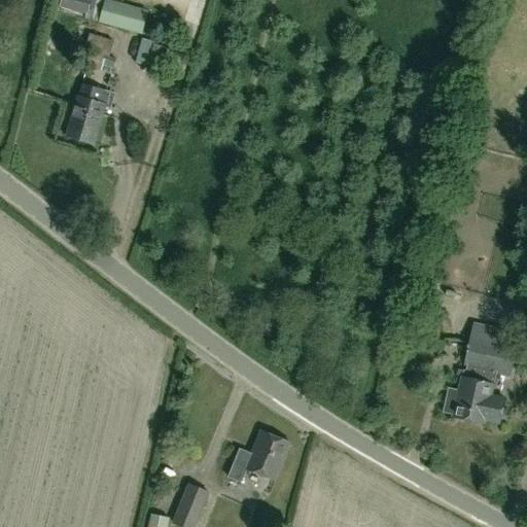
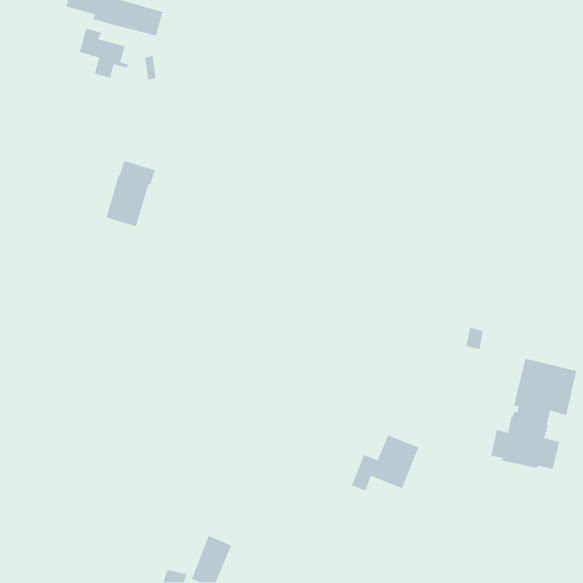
building: [67,82,112,143] -> [106,160,156,227]
building: [229,430,290,482] -> [351,434,420,492]

